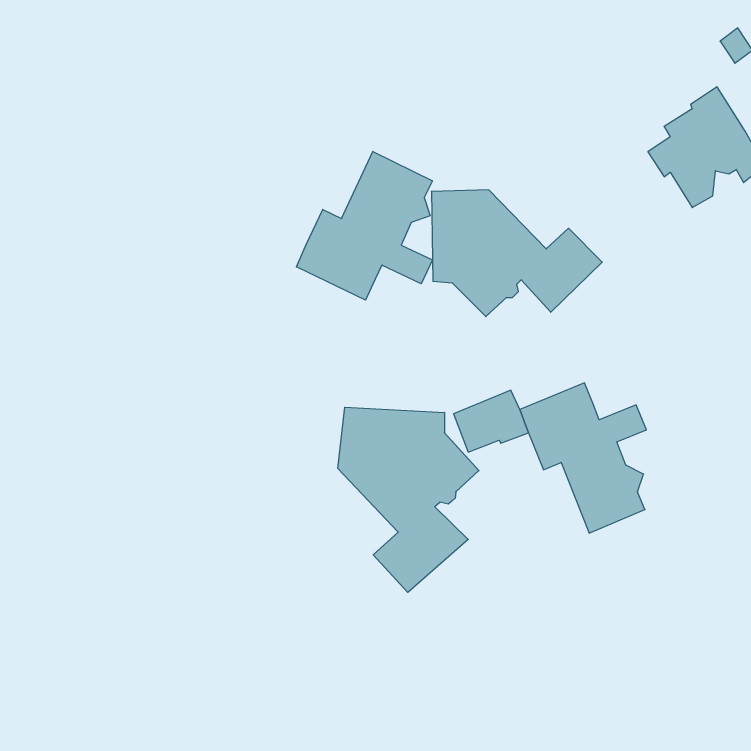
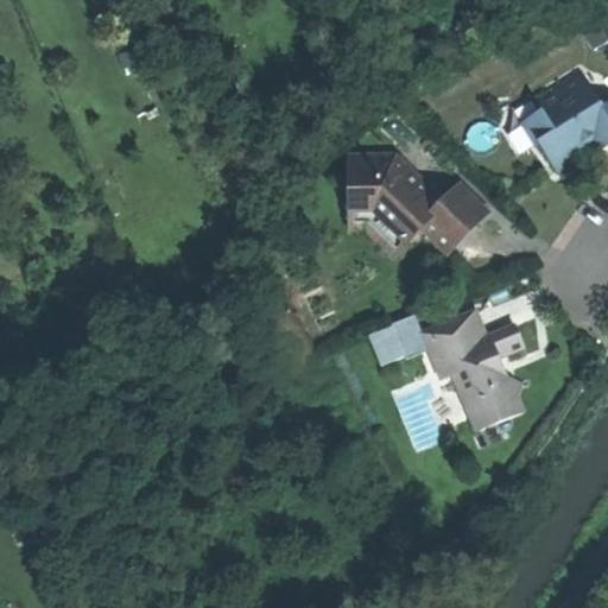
building: [296,151,433,300] -> none
building: [338,407,479,592] -> none

